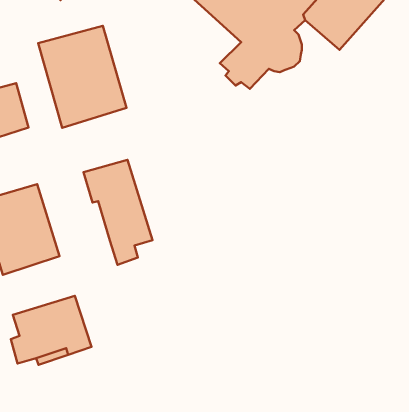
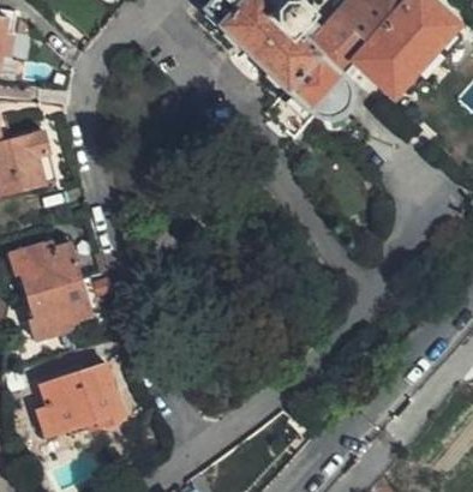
building: [38,26,127,128] -> none
building: [83,160,153,265] -> none

